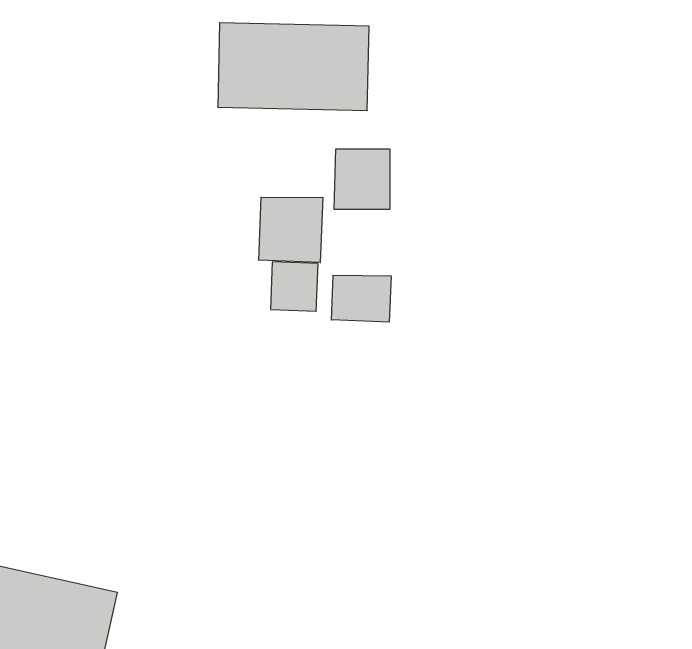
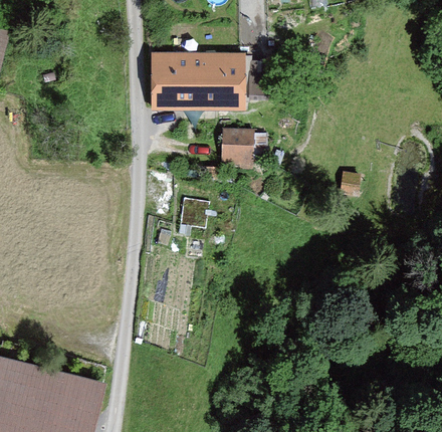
building: [259,197,323,263] -> none
building: [331,275,391,322] -> none

